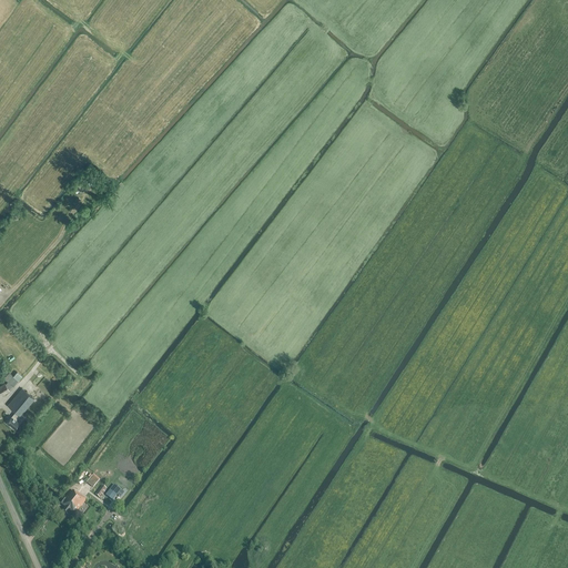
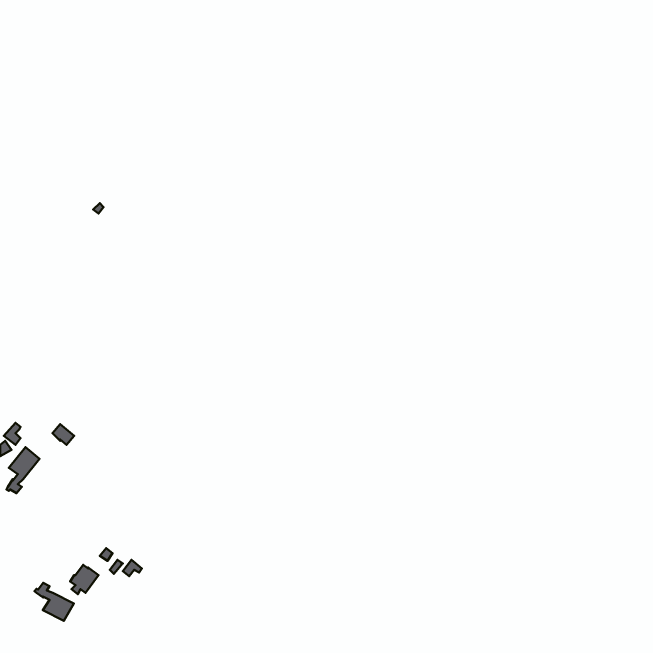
building: none -> [35,583,74,621]

